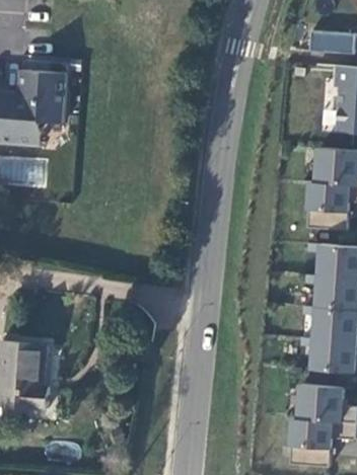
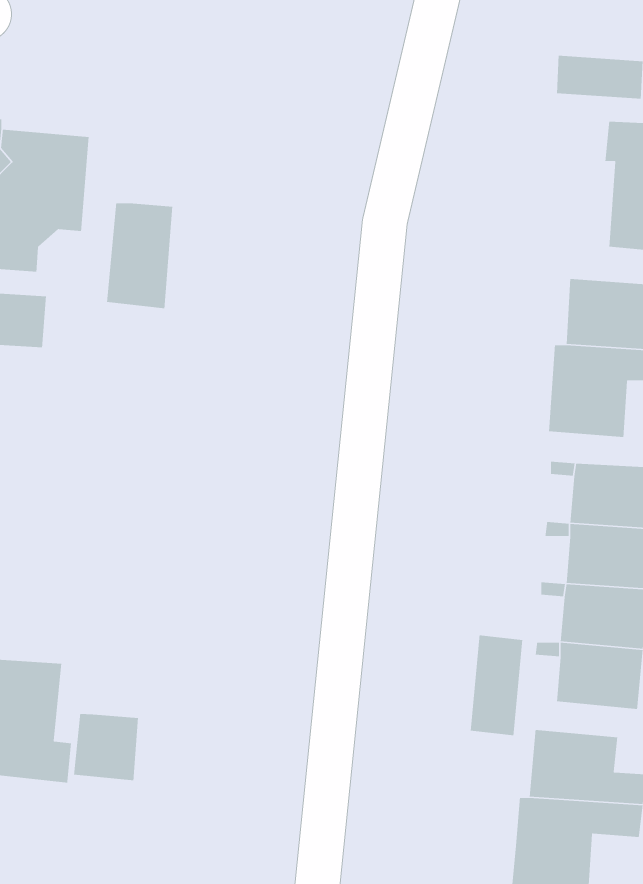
building: none -> [106,202,173,309]
building: none -> [470,634,523,736]
building: none -> [73,713,139,781]

